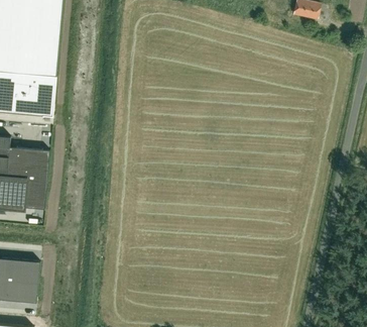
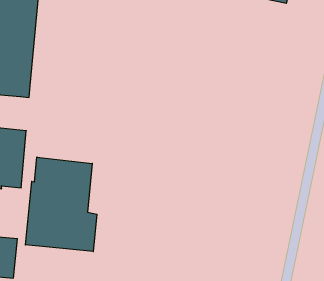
building: none -> [25,157,97,252]

